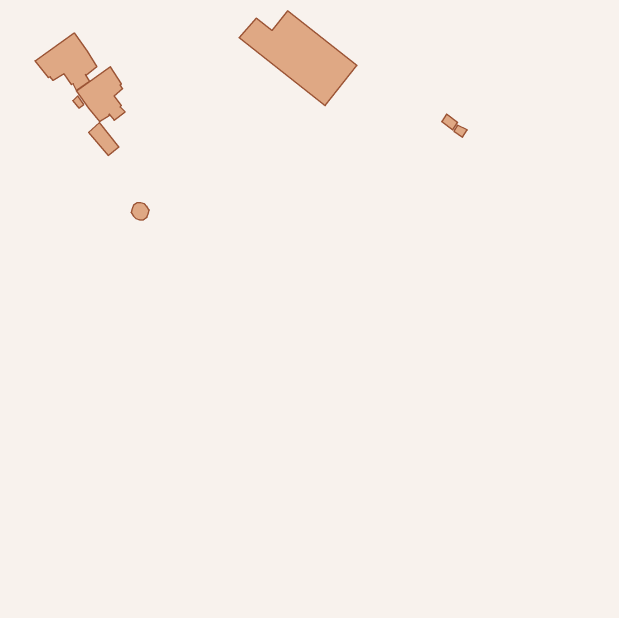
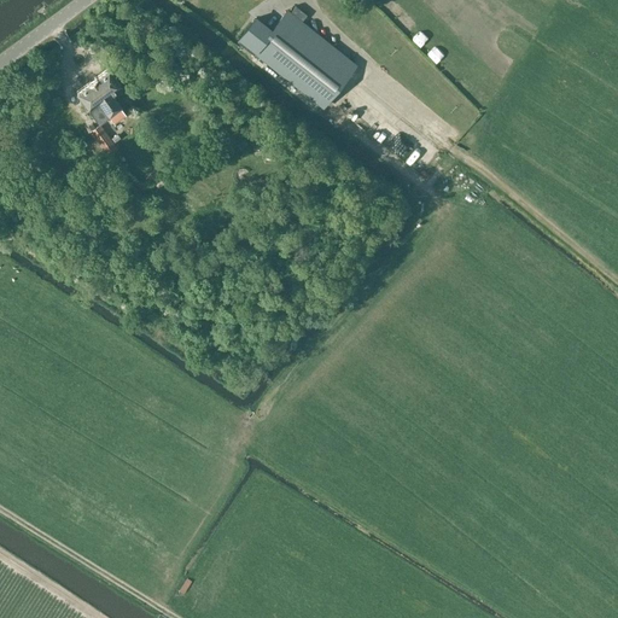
building: [35,33,97,90] -> none

